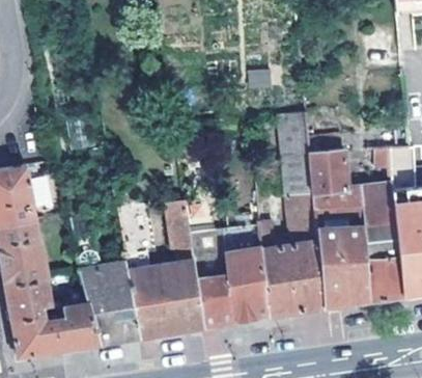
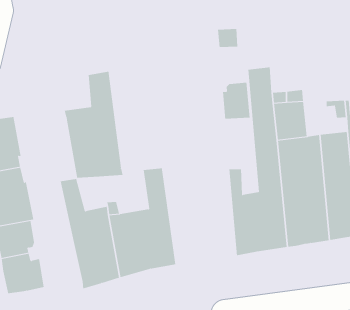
building: none -> [64,71,123,178]
building: none -> [223,82,250,120]
building: [188,215,268,327] -> none
building: [54,303,100,352] -> none

